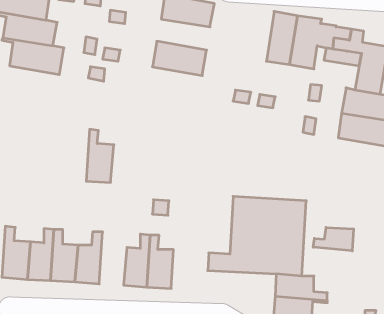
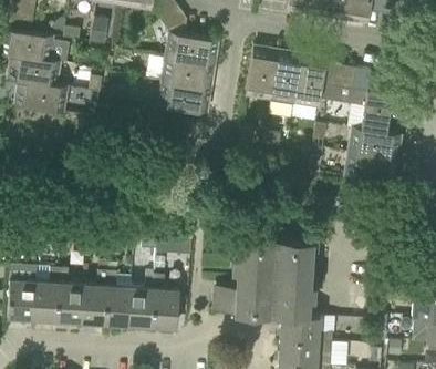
building: none -> [247,44,280,99]
building: none -> [163,57,216,88]
building: [86,129,114,182] -> [105,269,133,322]
building: [313,227,354,251] -> none

